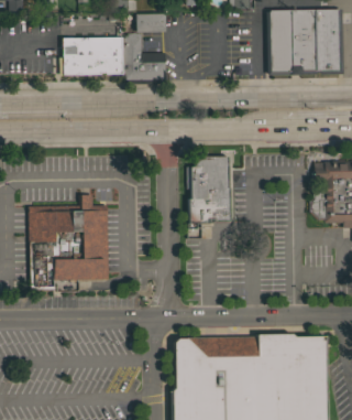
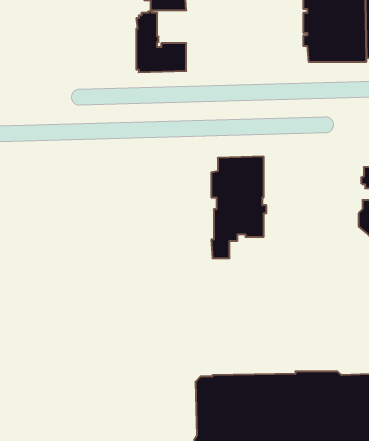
building: [63,36,124,74] -> none
building: [29,194,109,289] -> none

